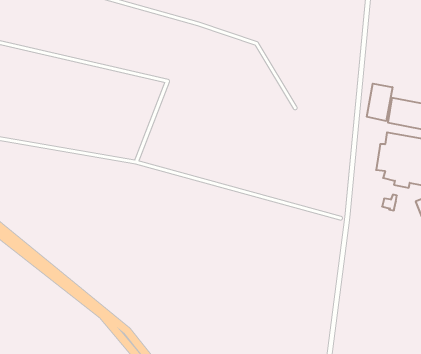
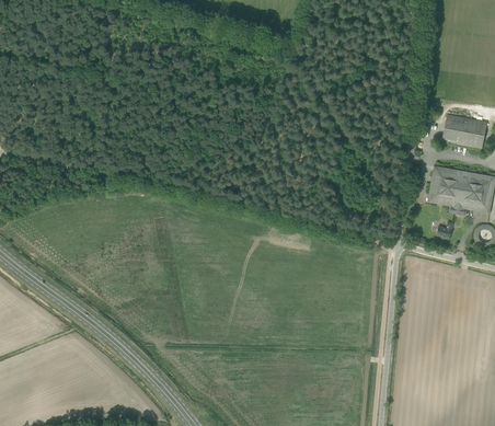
building: [367,84,392,121] -> none

